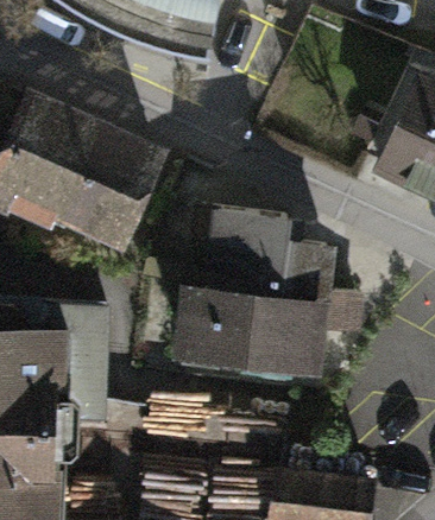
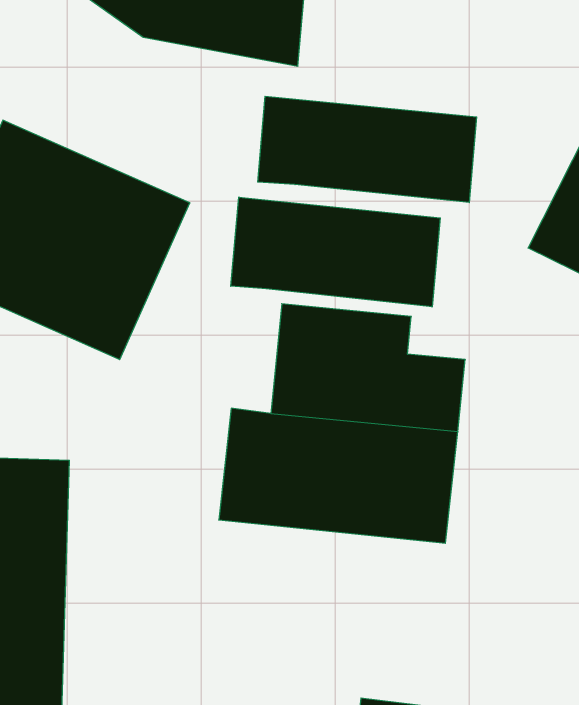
building: none -> [258,96,477,203]
building: none -> [231,197,440,307]

